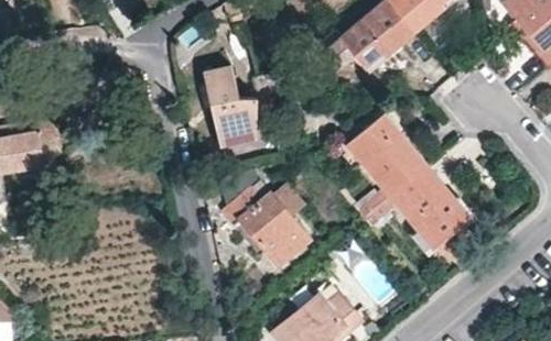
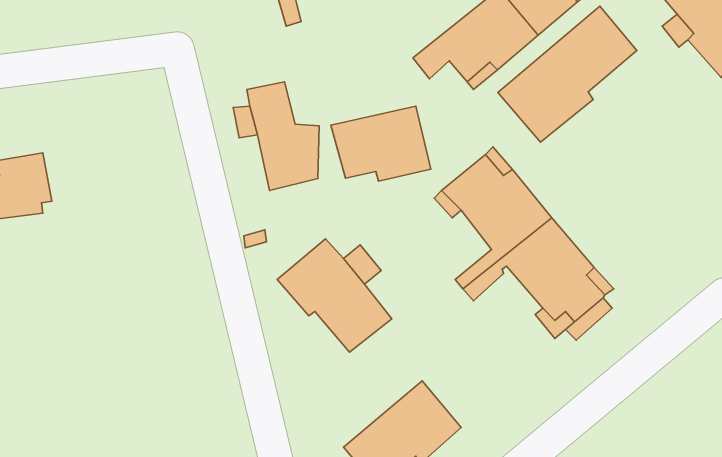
building: none -> [498,6,637,142]
building: none -> [331,106,431,181]

